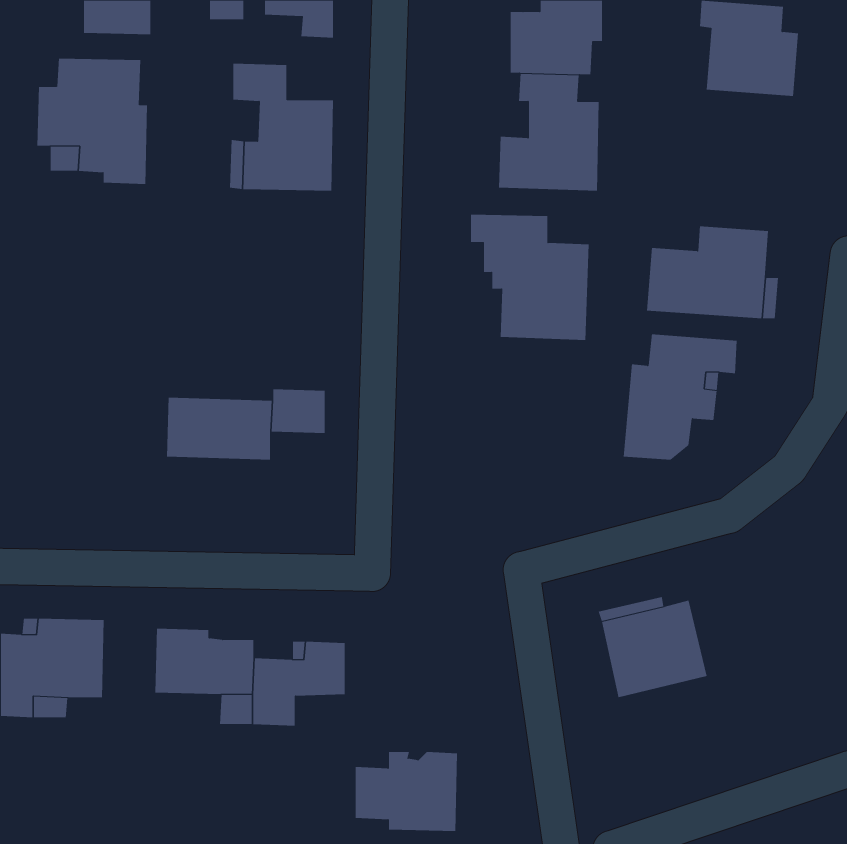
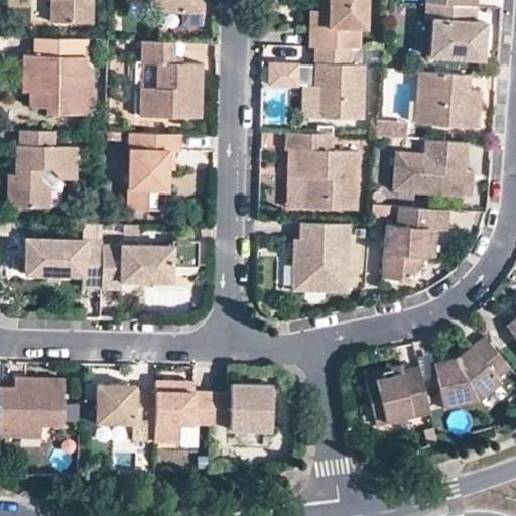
building: none -> [270,64,321,87]
building: none -> [415,72,481,128]
building: none -> [9,130,79,209]
building: none -> [126,133,179,212]
building: none -> [293,223,352,294]
building: none -> [24,238,103,288]
building: none -> [434,337,511,410]
building: [355,752,458,831] -> [211,384,273,432]

